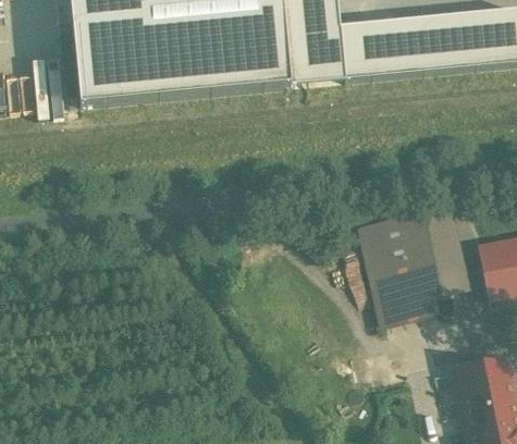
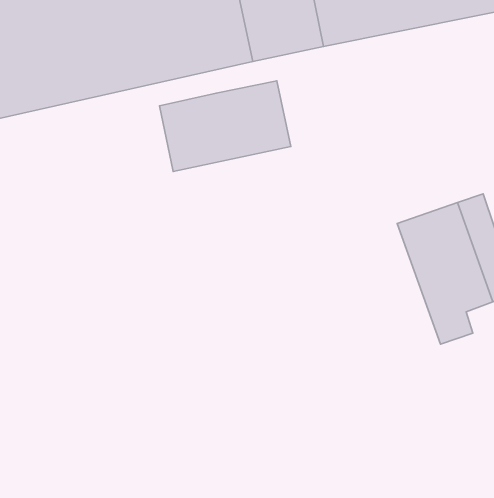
building: none -> [159,81,291,172]
building: [361,219,407,322] -> none

